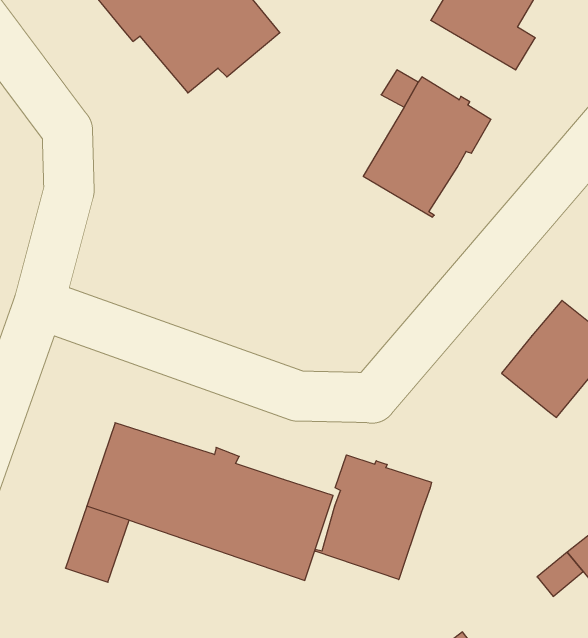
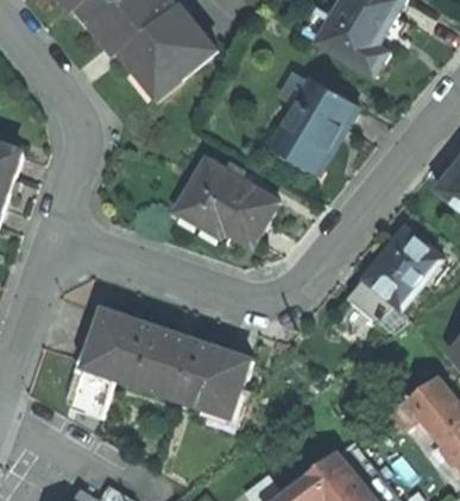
building: none -> [174,160,276,246]
building: none -> [346,278,395,324]
building: [315,455,431,580] -> none

